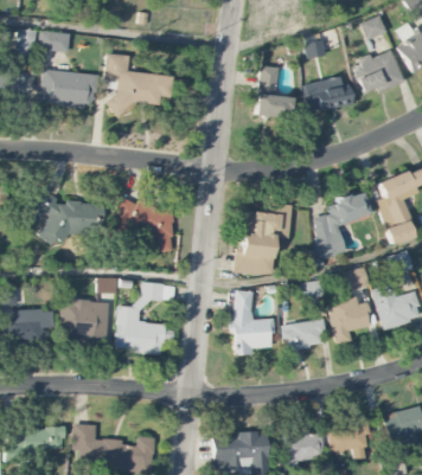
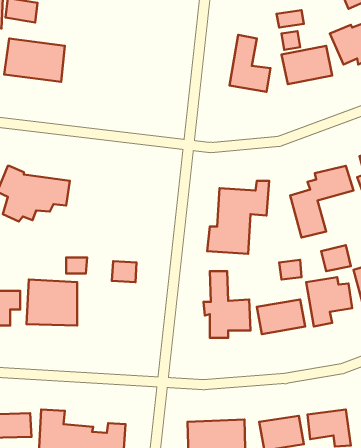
building: [104,52,173,113] -> none
building: [115,203,174,251] -> none
building: [115,304,174,353] -> none

